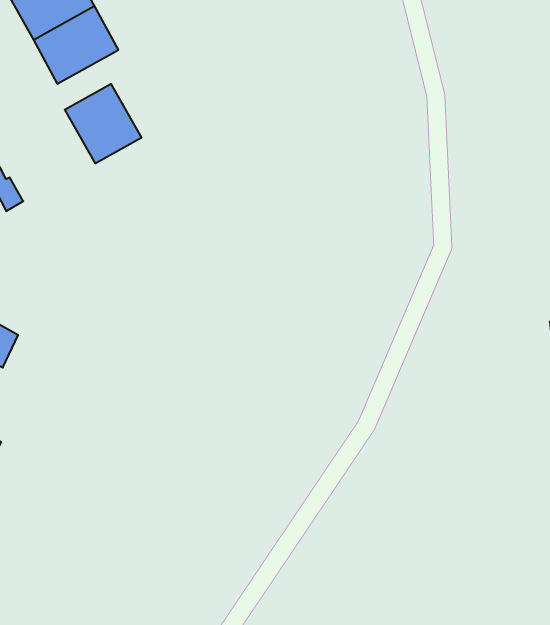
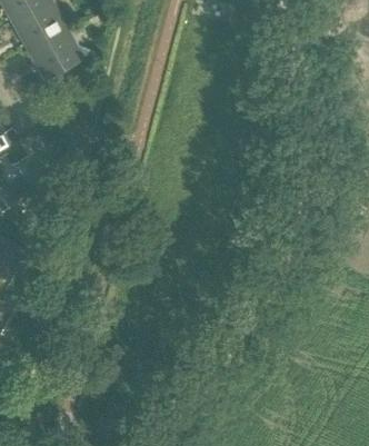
building: [65,84,141,163] -> none

